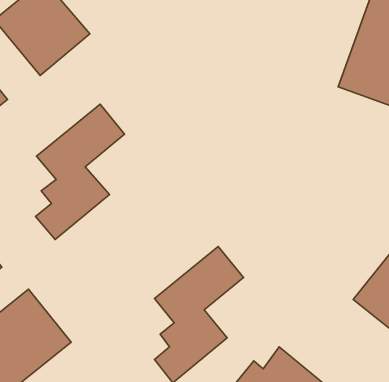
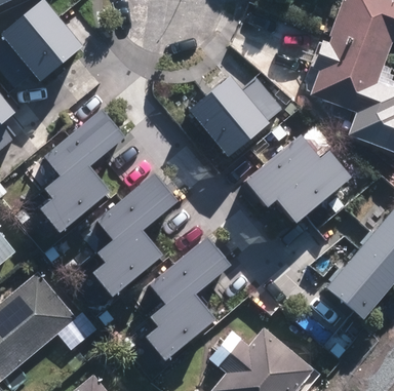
building: none -> [191,66,282,155]
building: none -> [247,139,348,221]
building: none -> [93,175,173,296]

